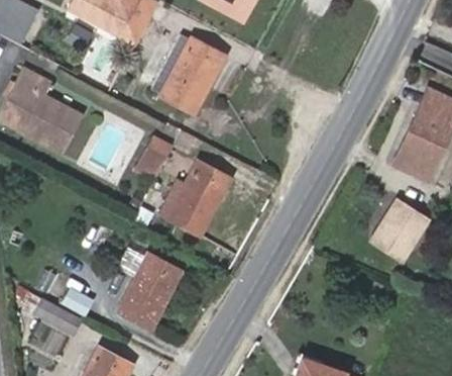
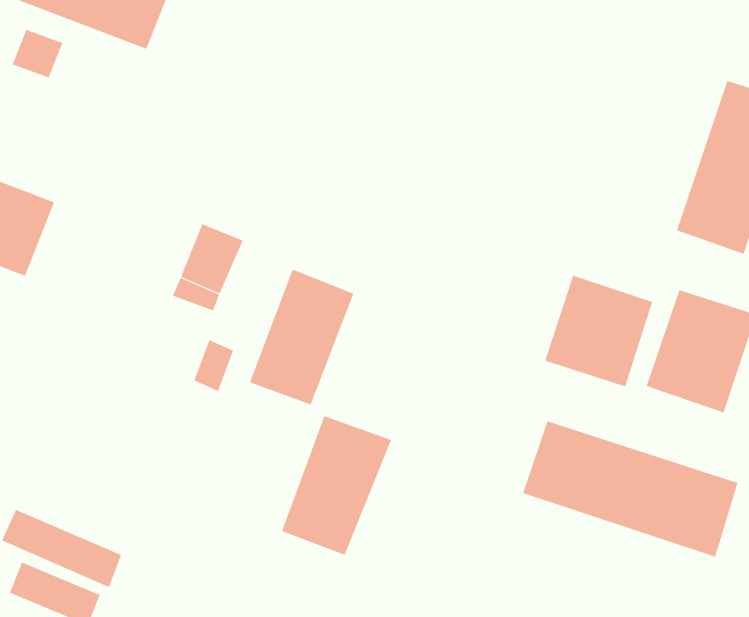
building: [161,40,224,112] -> none
building: none -> [544,275,653,387]
building: [119,254,181,326] -> [281,416,392,556]
building: none -> [523,420,738,557]

